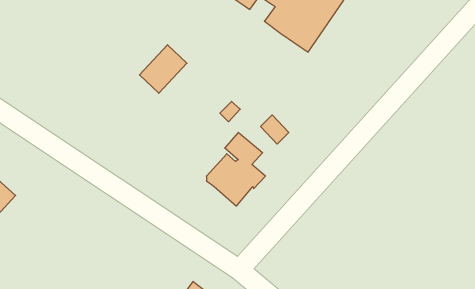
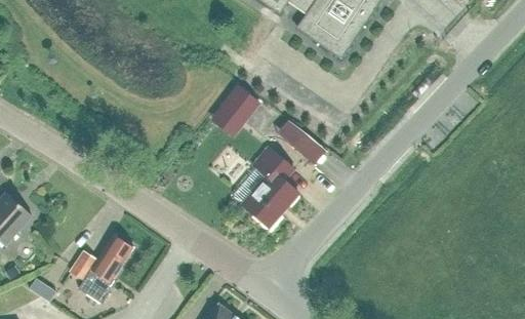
building: [139,45,187,93] -> [209,82,259,133]
building: none -> [71,237,133,305]

